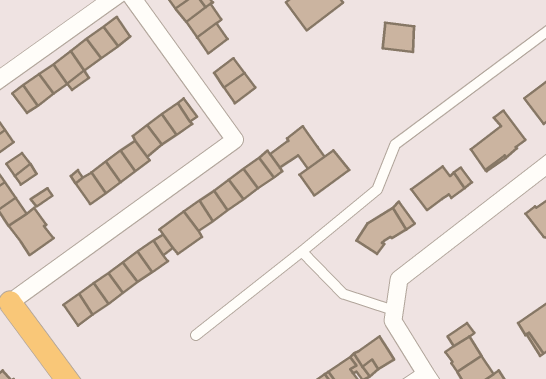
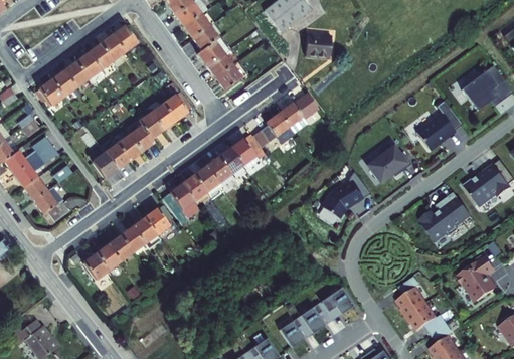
building: [383,23,414,52] -> [305,36,331,60]
building: none -> [196,40,225,68]
building: [299,150,349,195] -> [279,93,320,130]
building: none -> [419,192,472,242]

